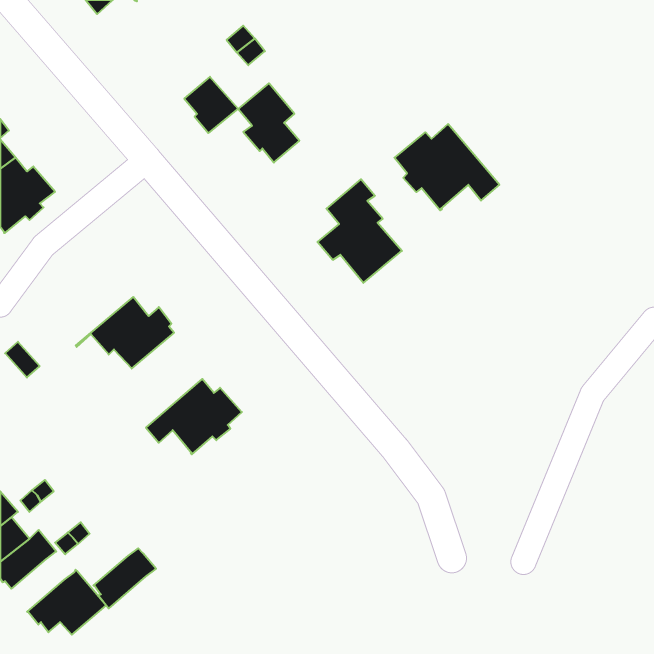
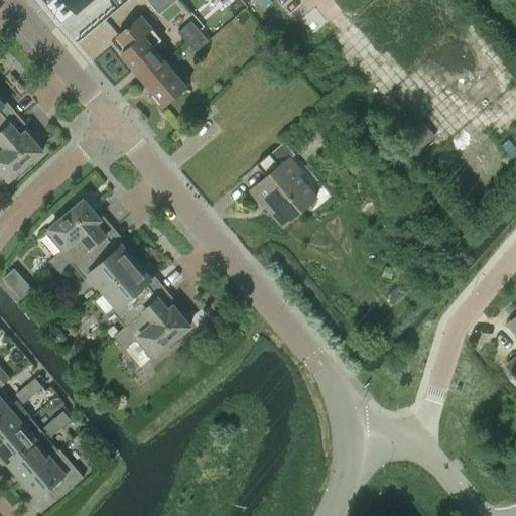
building: [238,83,299,163] -> [117,15,165,78]
building: [394,124,499,210] -> none
building: none -> [44,200,105,272]
building: none -> [104,262,159,337]
building: [93,548,156,608] -> [9,434,58,482]

